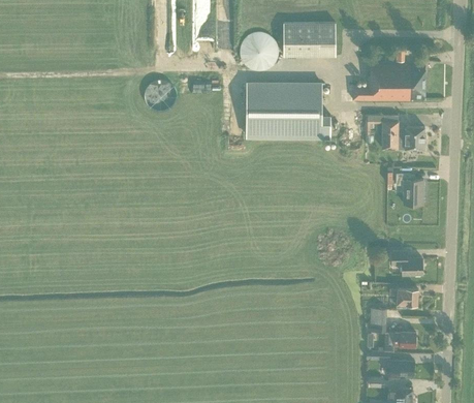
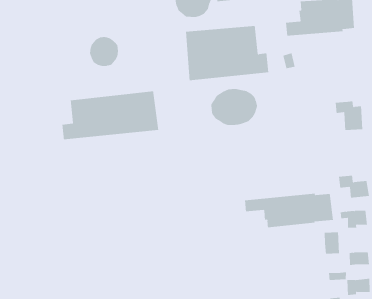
building: [381,120,424,148] -> none
building: none -> [62,91,159,140]
building: none -> [211,88,258,126]
building: none -> [244,193,333,228]

